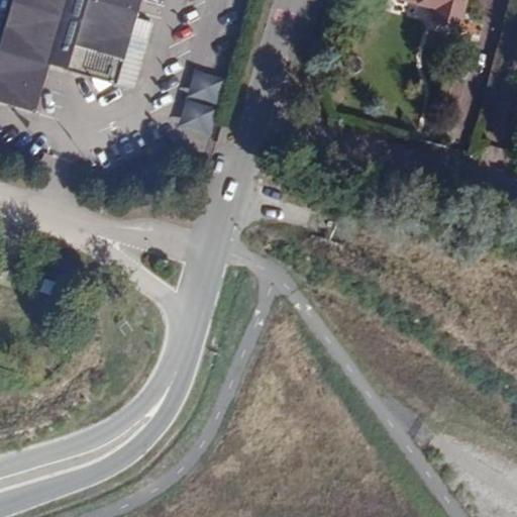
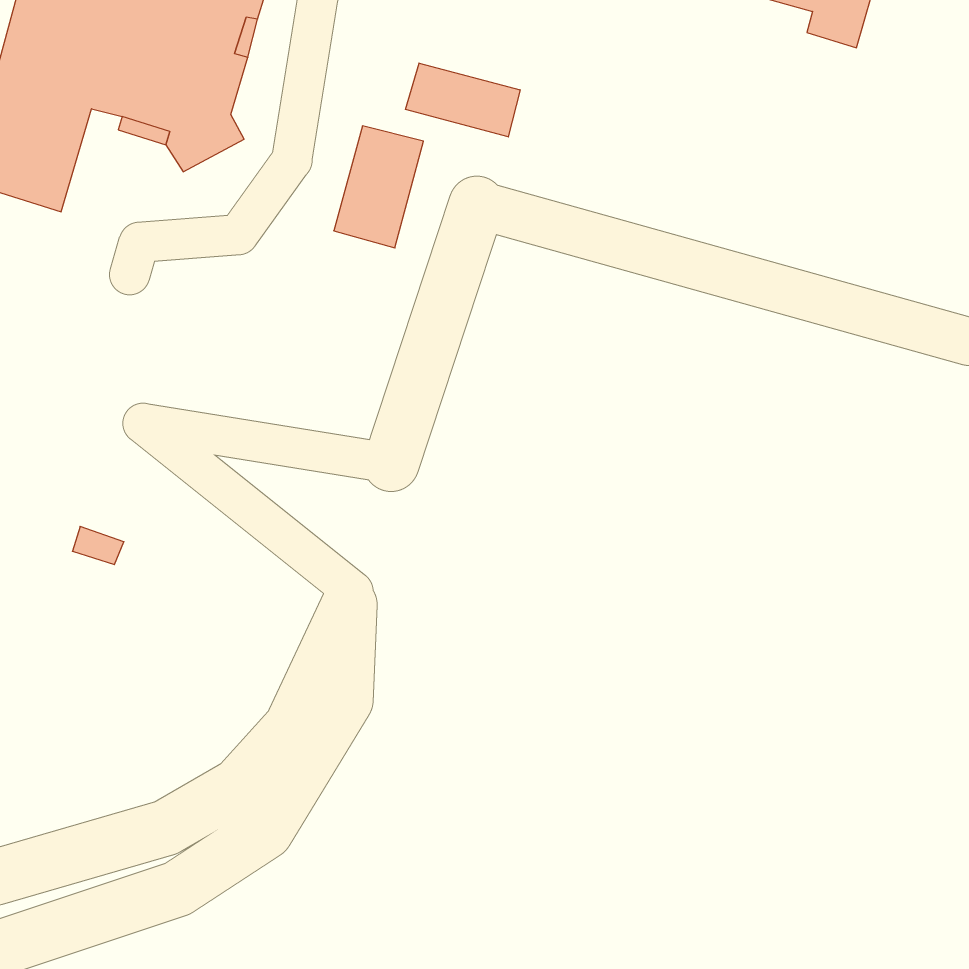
building: none -> [406,63,520,137]

